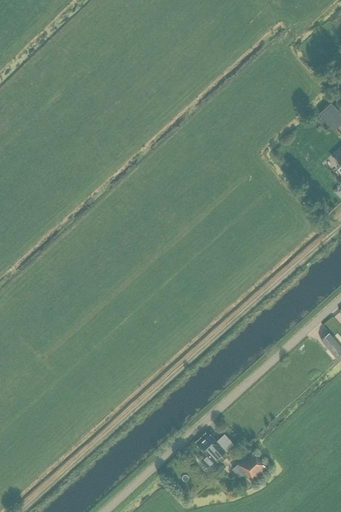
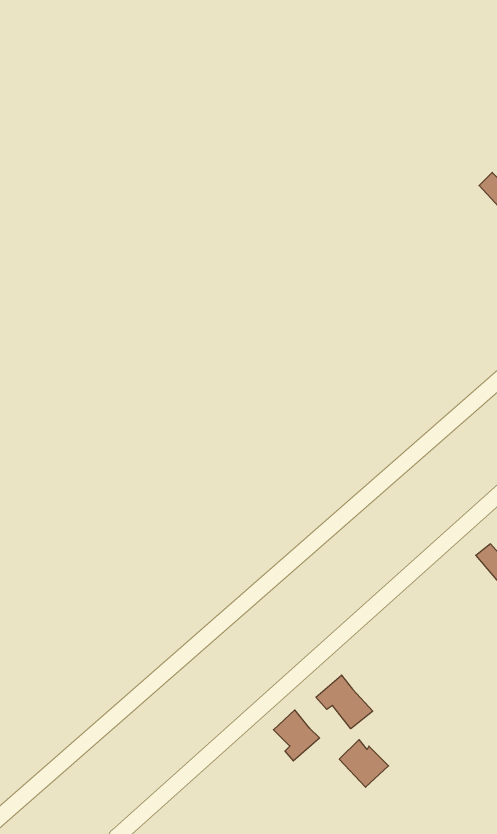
building: none -> [316,675,373,729]

